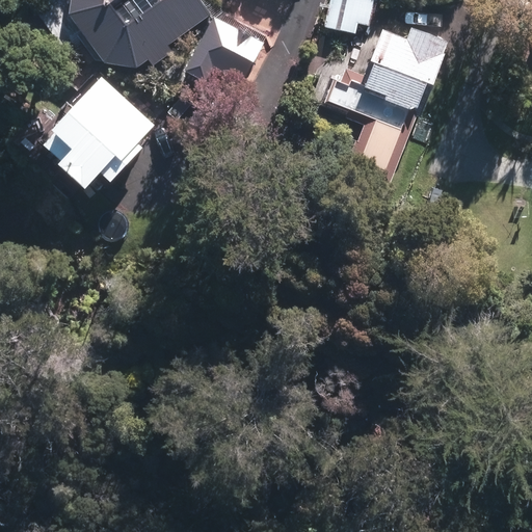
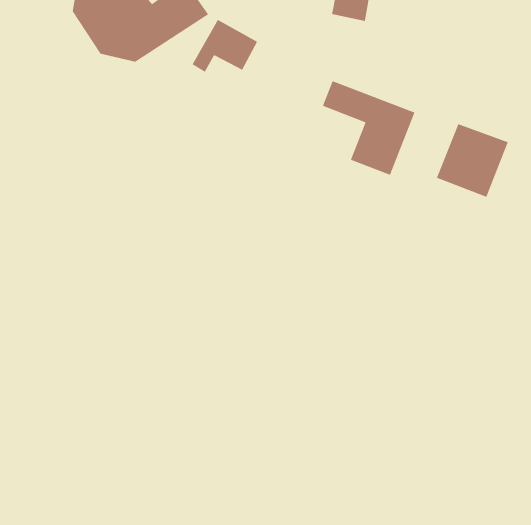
building: [368,31,441,106] -> [436,123,509,198]
building: [51,82,147,178] -> none

